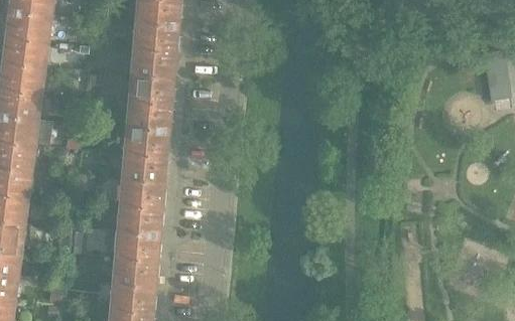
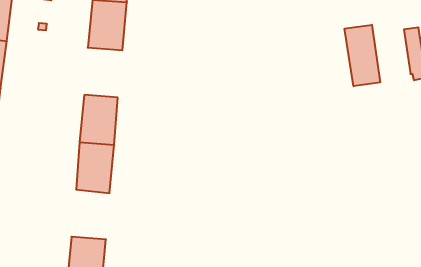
building: none -> [345,25,380,86]
building: [130,71,172,127] -> none
building: [116,228,158,284] -> none

